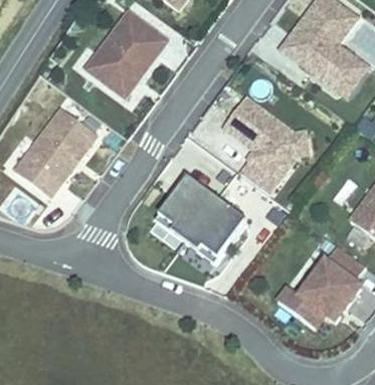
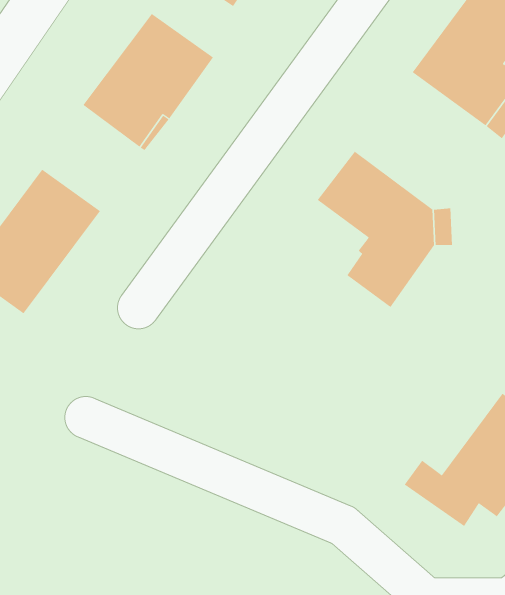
building: [158,178,250,266] -> none

